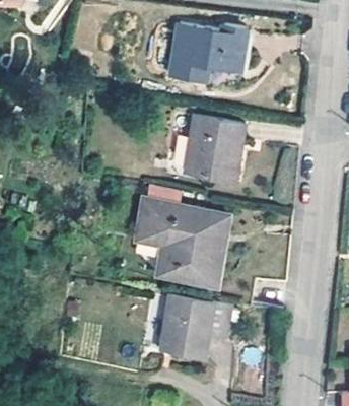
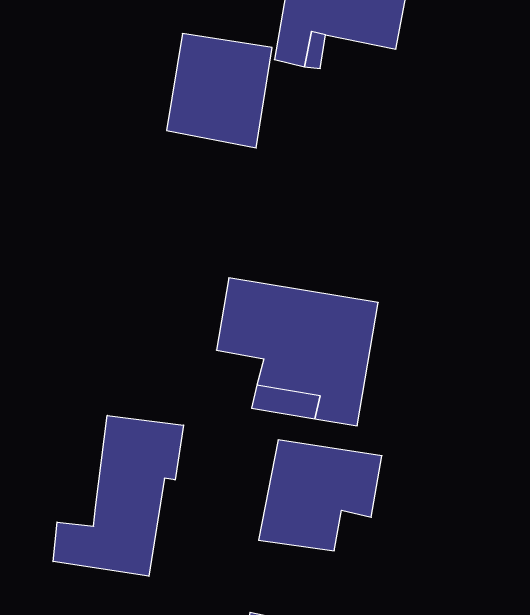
building: [184,115,245,181] -> [167,34,272,148]
building: none -> [53,415,184,576]

